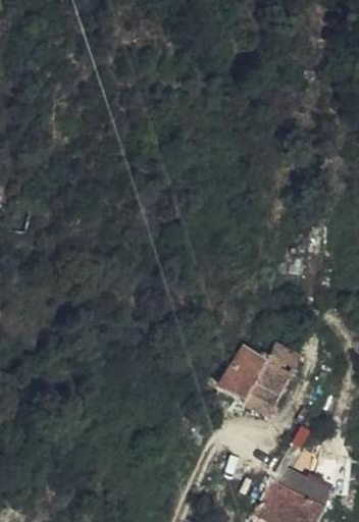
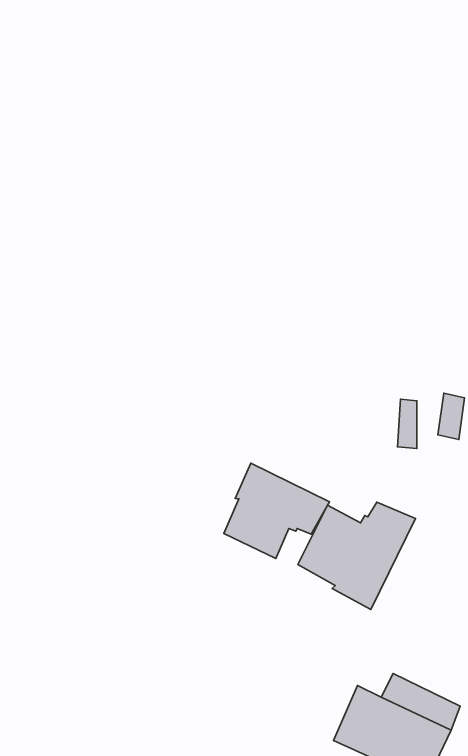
building: none -> [224,463,329,558]

